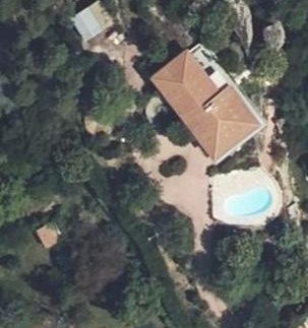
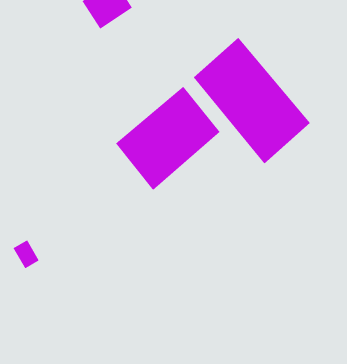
building: none -> [115,86,220,191]

